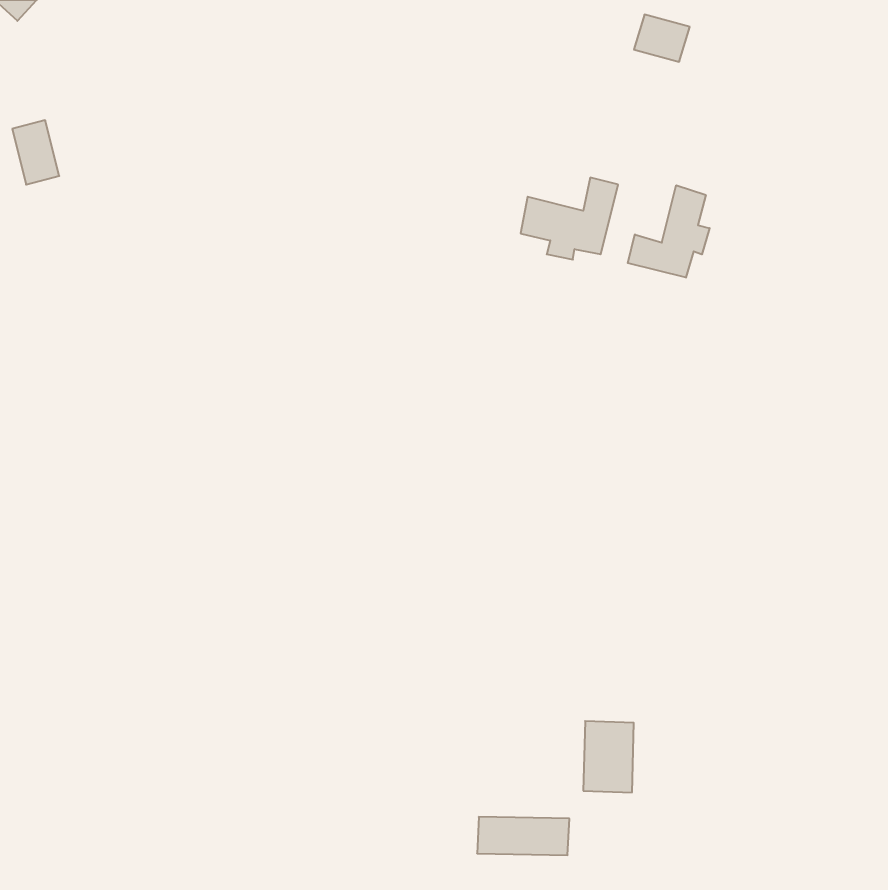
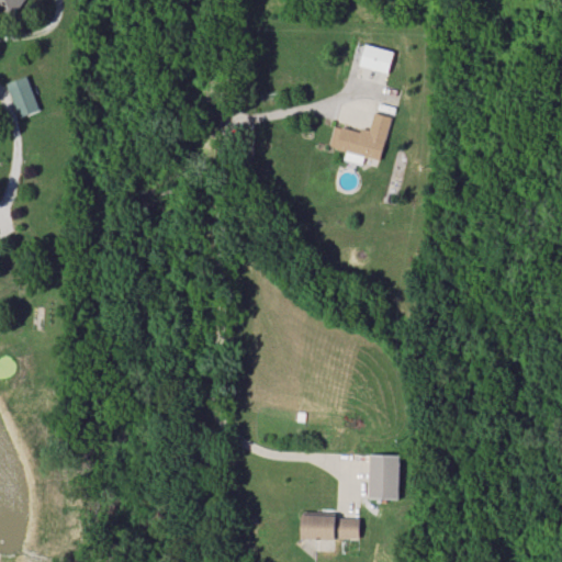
building: [634,15,690,62] -> [358,44,393,74]
building: [628,185,710,278] -> none

